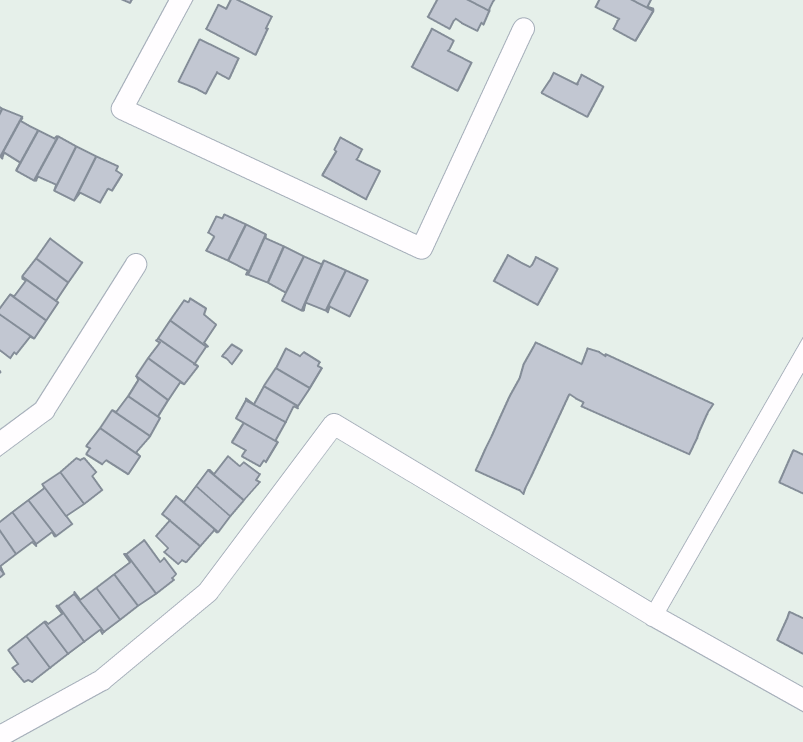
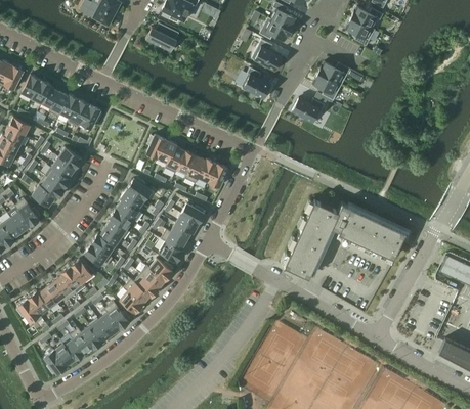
building: [179,39,239,94] -> none
building: none -> [313,73,342,101]
building: [322,137,380,199] -> [242,67,271,99]
building: [494,255,558,305] -> [293,98,326,124]

